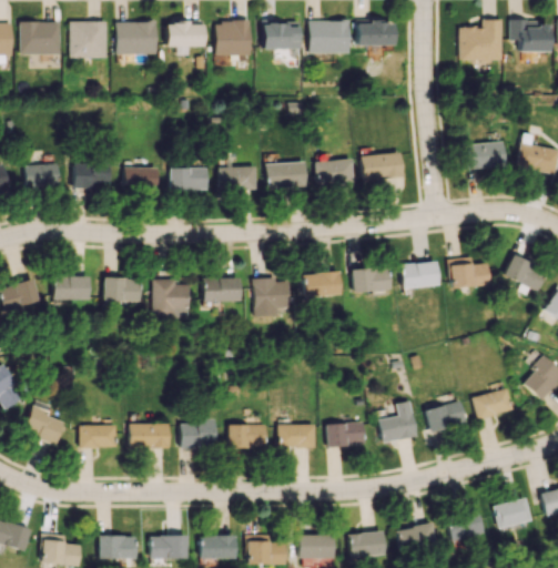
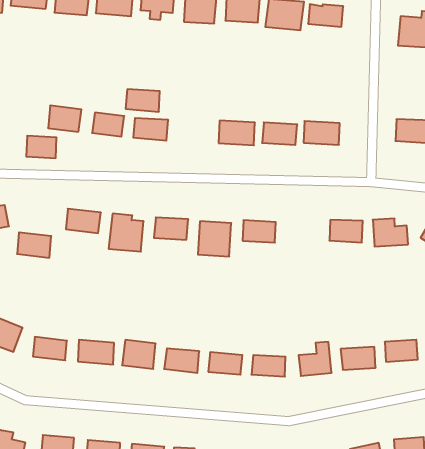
building: [26,164,60,189] -> [26,136,57,158]
building: [220,166,257,190] -> [126,89,160,112]
building: [352,267,390,292] -> none
building: [53,275,90,301] -> [17,232,51,258]

